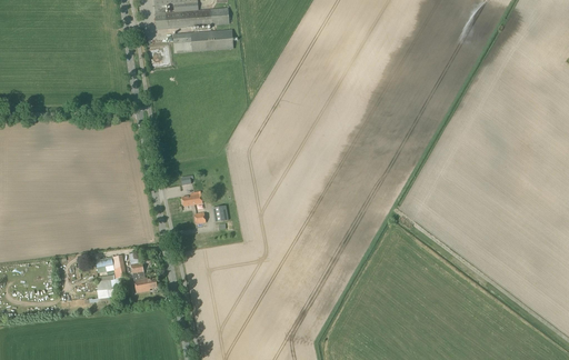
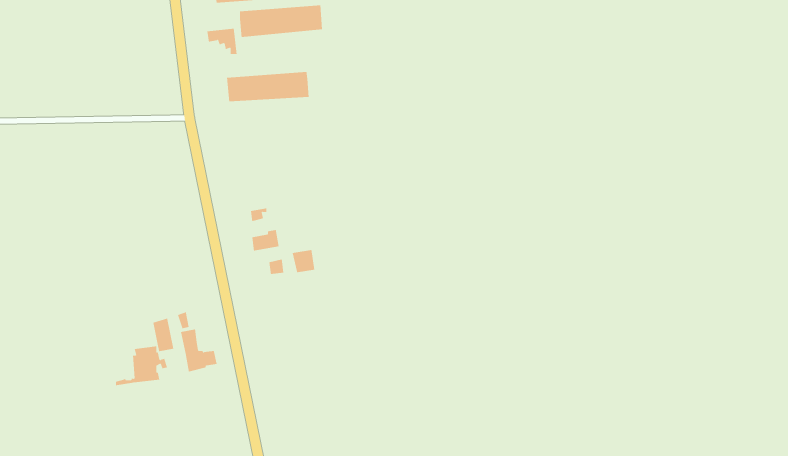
building: none -> [227,71,309,102]

